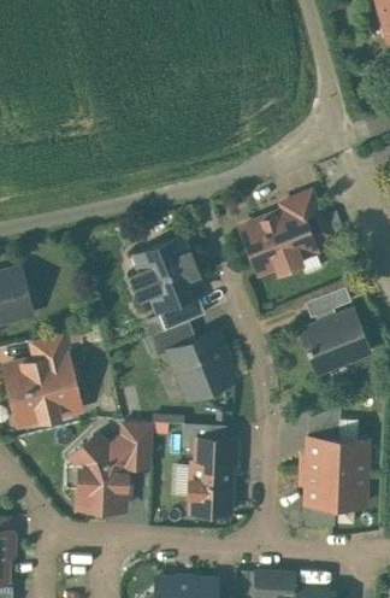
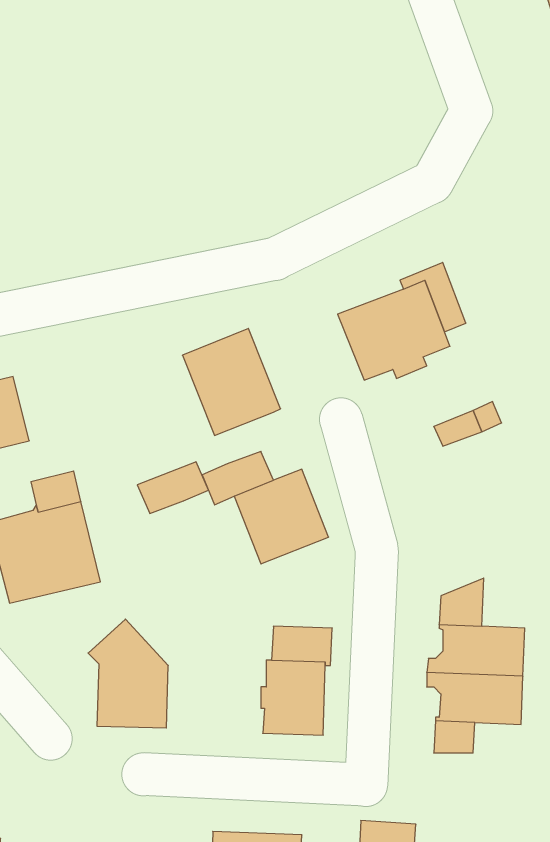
building: [156,295,205,330] -> [137,462,209,513]
building: [297,309,371,376] -> none
building: [110,422,153,467] -> none

